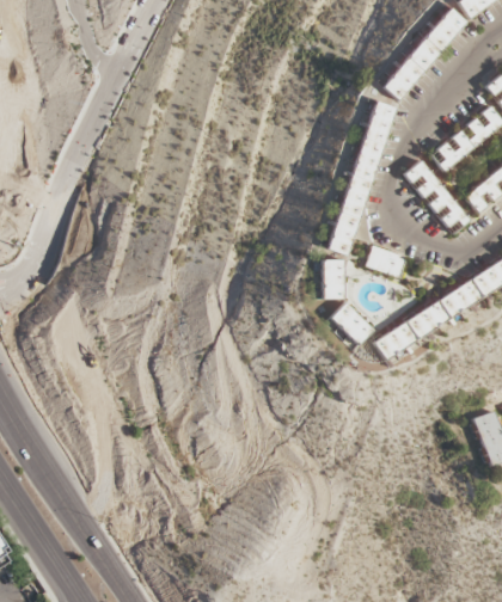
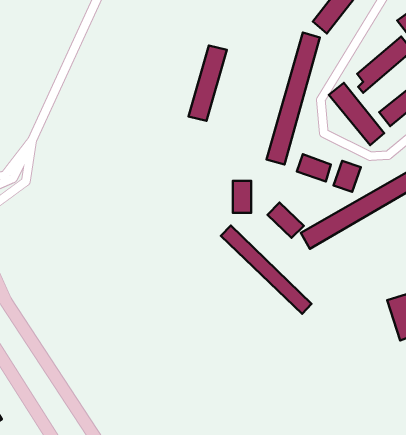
building: none -> [189,45,227,121]
building: none -> [334,161,361,192]
building: [323,260,344,299] -> [233,181,251,213]
building: none -> [221,226,311,314]

